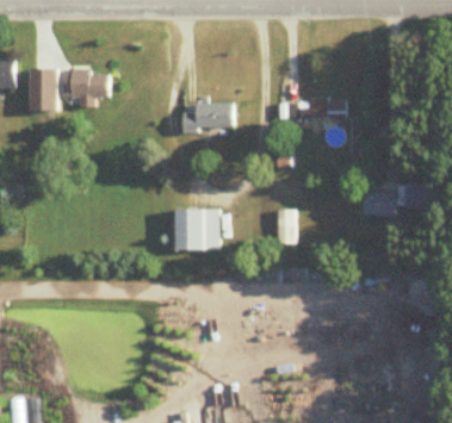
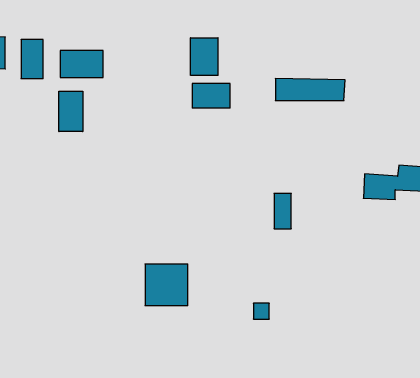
building: none -> [191,38,218,75]
building: none -> [59,91,83,132]
building: [175,210,217,250] -> [145,264,188,306]

